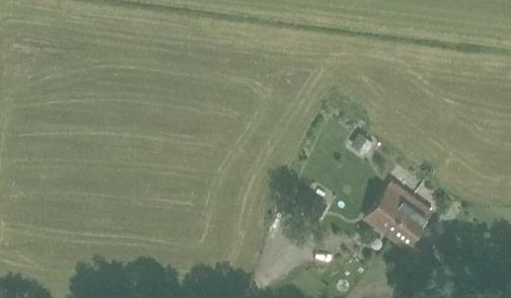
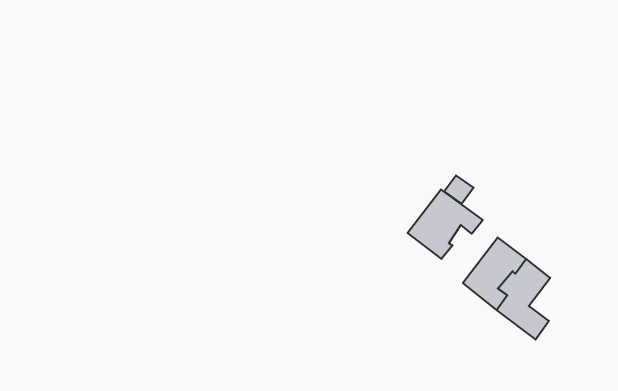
building: none -> [408,189,483,259]

